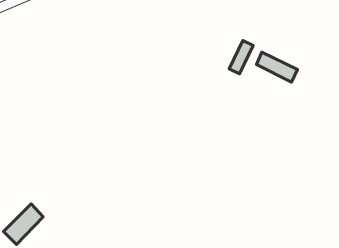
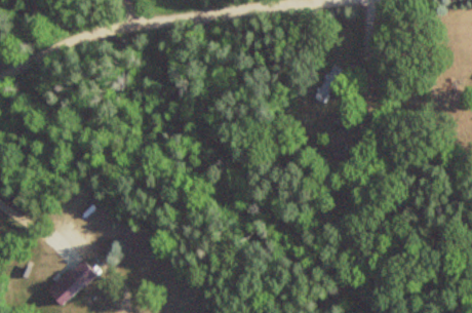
building: [256,52,298,82] -> none

